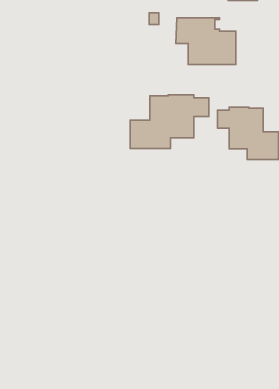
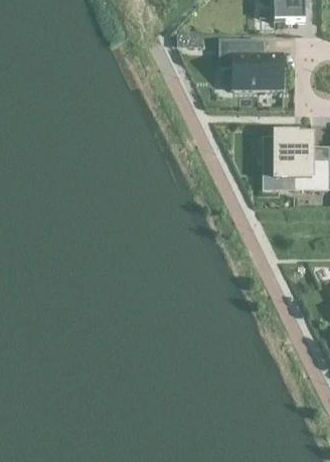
building: [130,95,209,149] -> none

